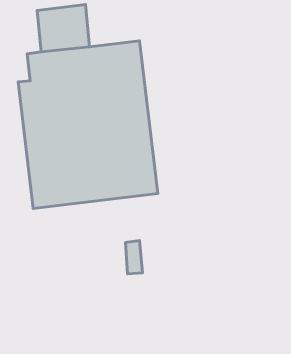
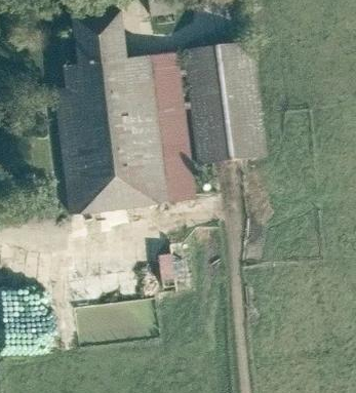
building: none -> [184,40,266,163]

